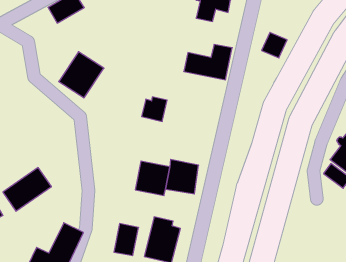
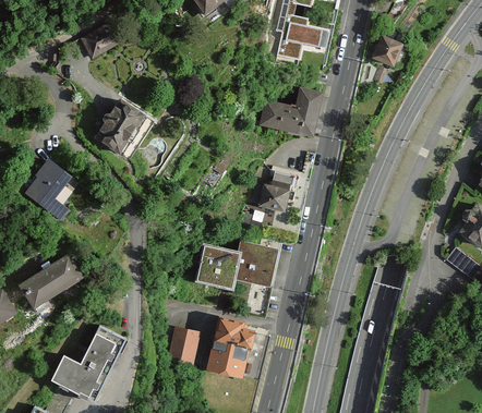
building: [262,32,287,58] -> [369,36,402,70]
building: [142,97,167,121] -> [258,179,292,211]
building: none -> [22,158,73,221]

